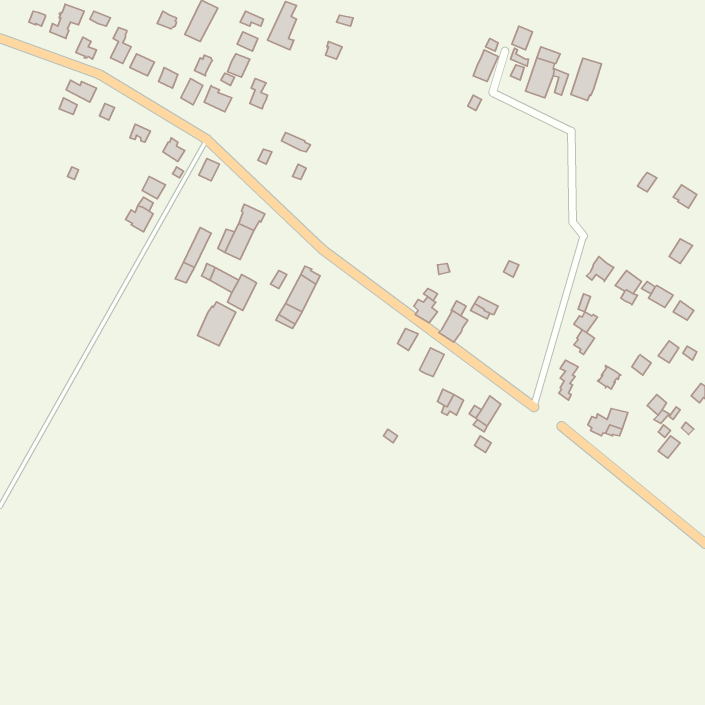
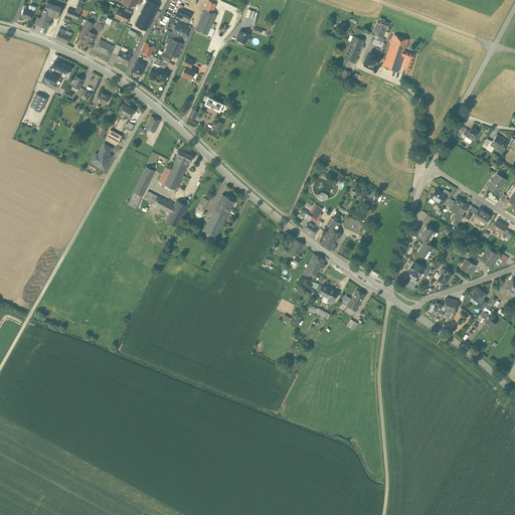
building: [571,58,601,100] -> none
building: [197,302,236,346] -> none

